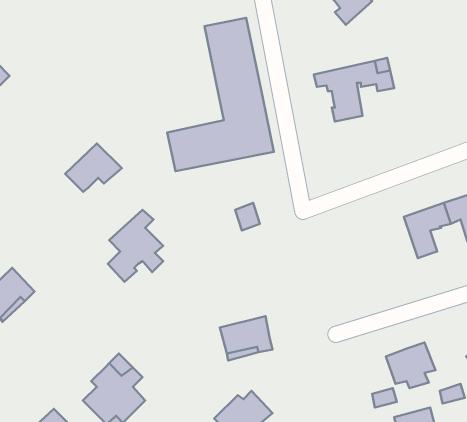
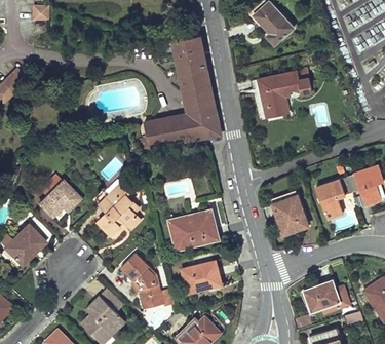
building: [65,143,122,192] -> [38,181,80,217]
building: none -> [274,194,309,233]
building: none -> [169,215,218,249]
building: none -> [121,254,164,309]

